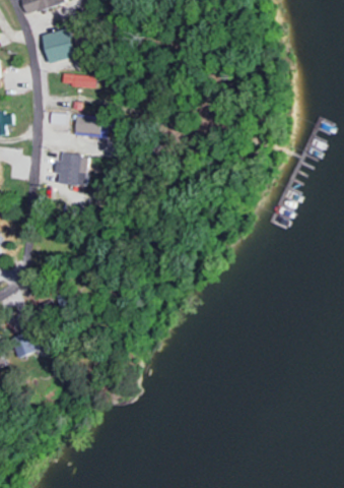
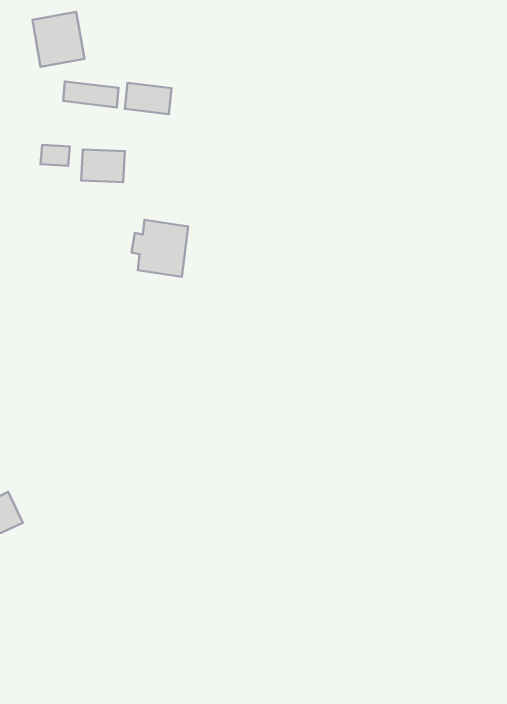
building: none -> [125,83,171,114]
building: [53,151,88,187] -> [131,220,188,277]

